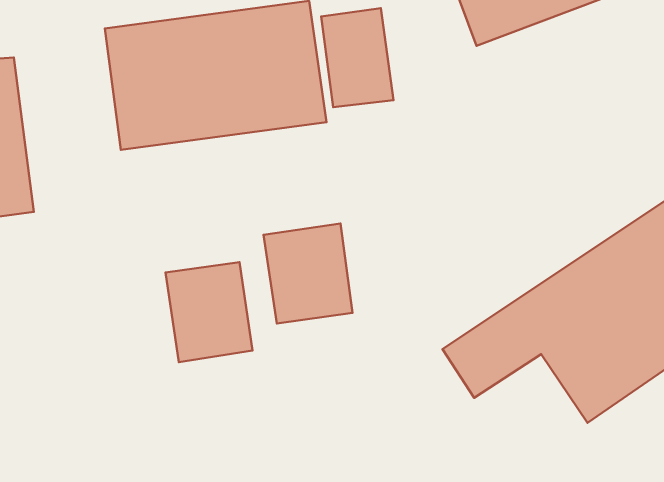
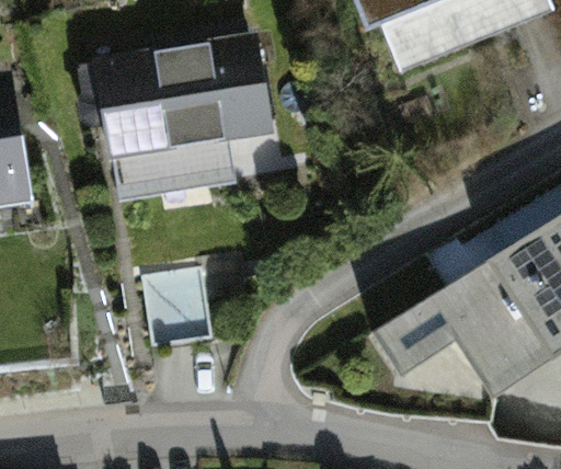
building: [321,8,393,107] -> none
building: [264,224,353,324] -> none

